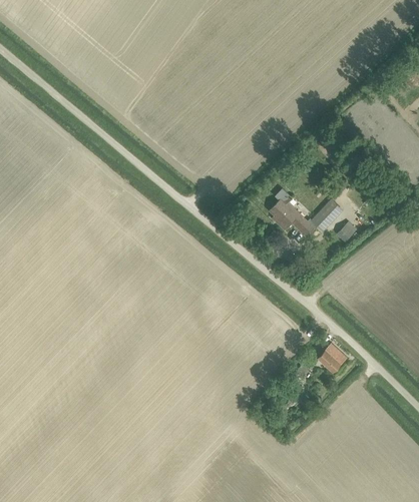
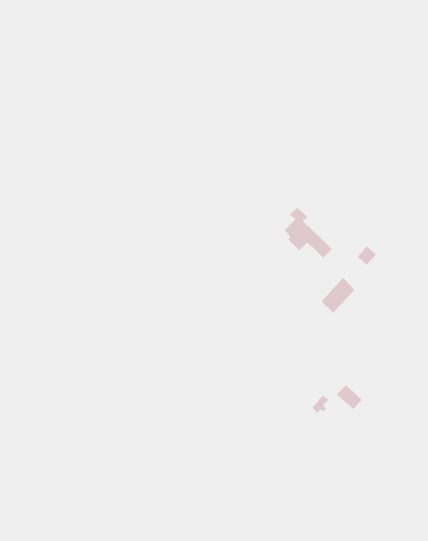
building: [312,197,343,230] -> [321,277,355,314]

